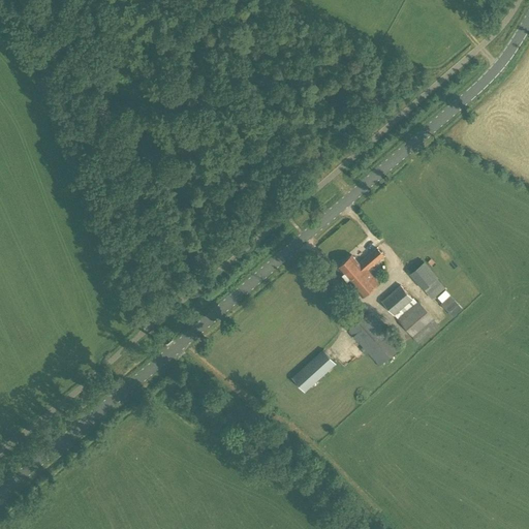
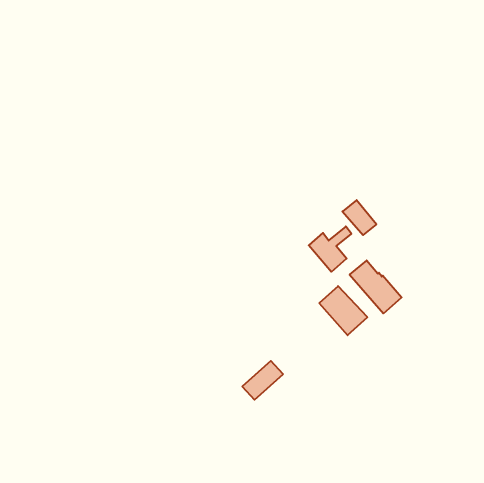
building: [409,261,446,300] -> [342,200,376,235]
building: [291,350,336,393] -> [242,361,283,400]

